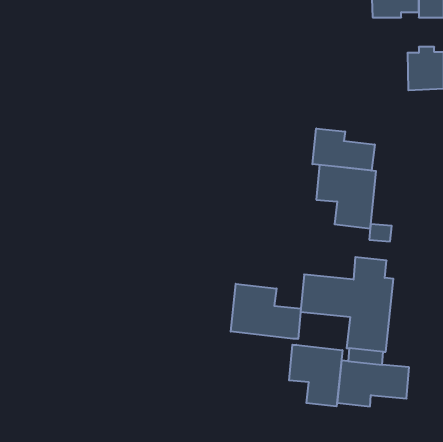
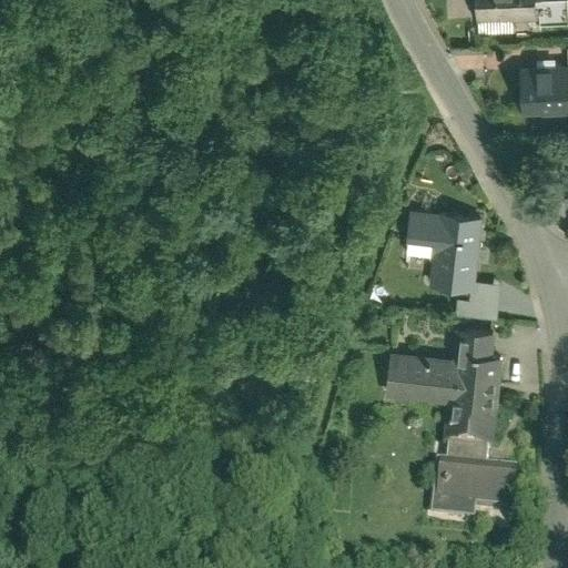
building: [312,128,375,171] -> none
building: [231,284,301,339] -> none
building: [289,345,342,406] -> none

